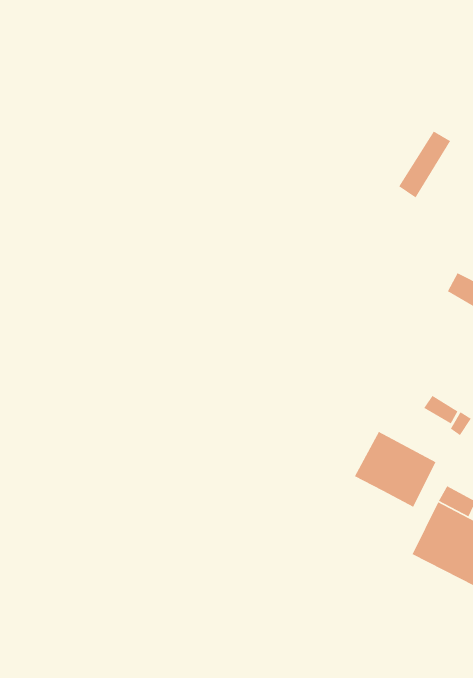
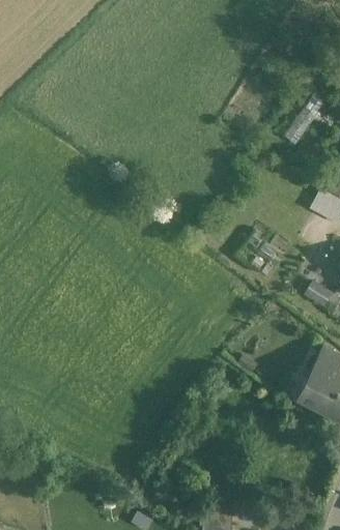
building: [354,431,437,508] -> none

